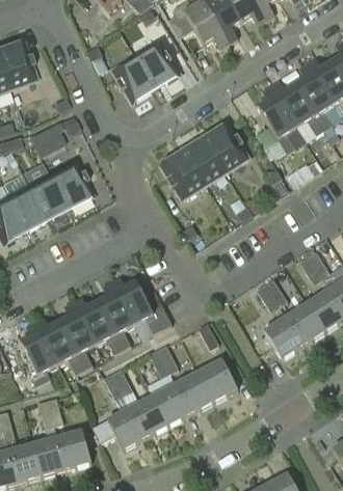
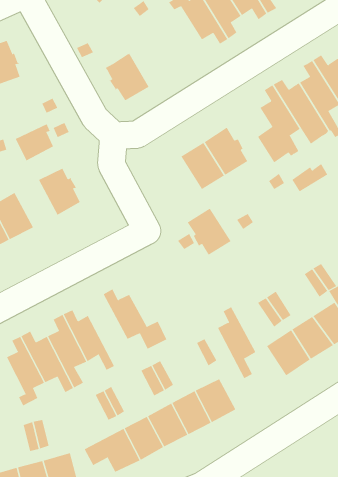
building: [136,42,178,87] -> none
building: [162,153,204,197] -> [187,208,231,256]
building: [29,174,69,219] -> none
building: [98,281,134,349] -> [217,307,256,379]

